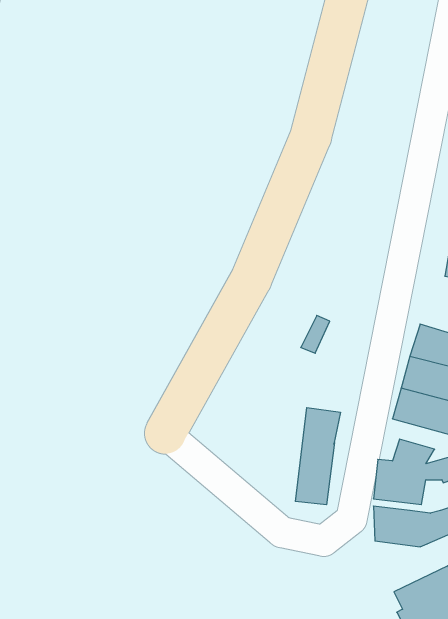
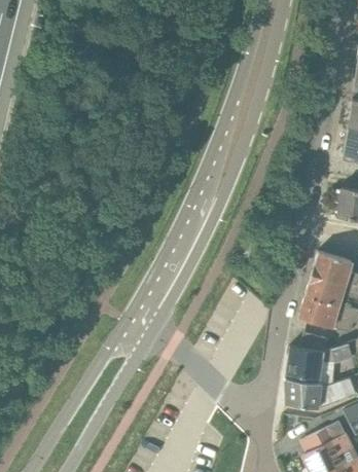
building: [295,408,340,505] -> none

